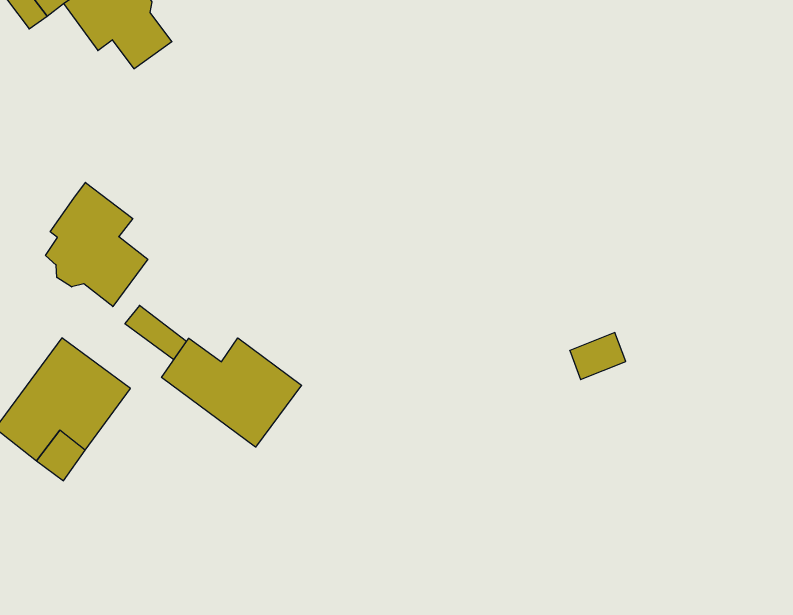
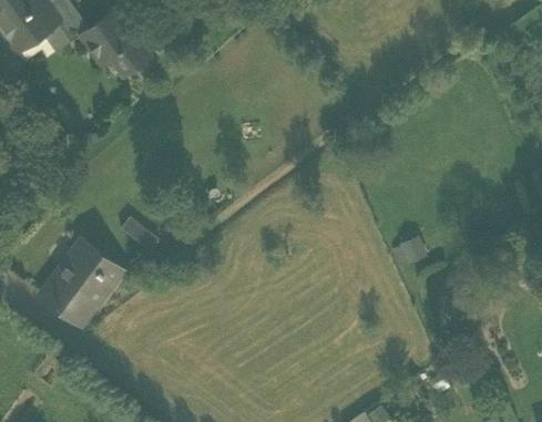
building: [46,182,148,307] -> none
building: [162,338,302,447] -> none

